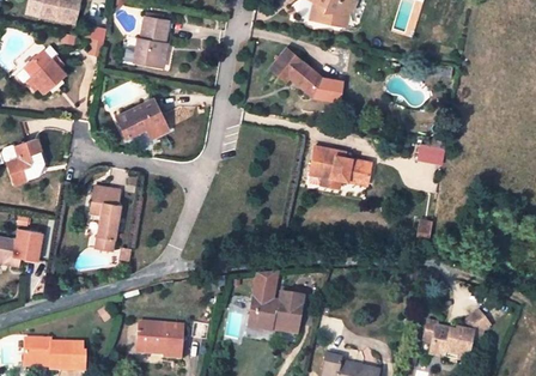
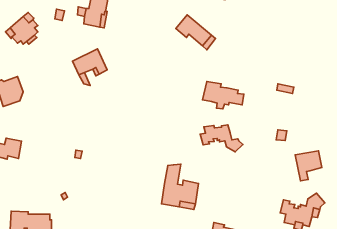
building: [87,187,118,250] -> none
building: none -> [200,125,243,152]
building: none -> [295,151,322,181]
building: [136,322,184,356] -> none

